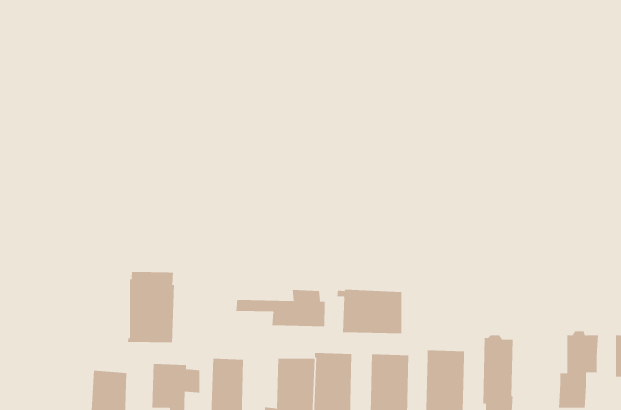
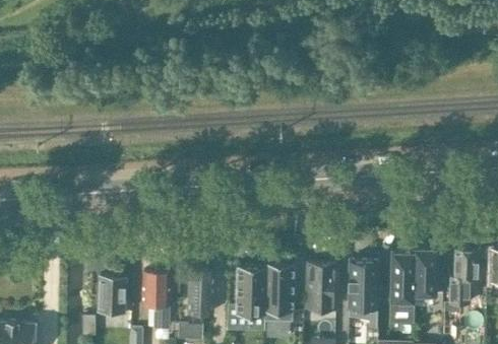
building: [128,271,174,343] -> none
building: [337,289,402,334] -> none
building: [236,289,325,327] -> none
building: none -> [413,248,436,297]

